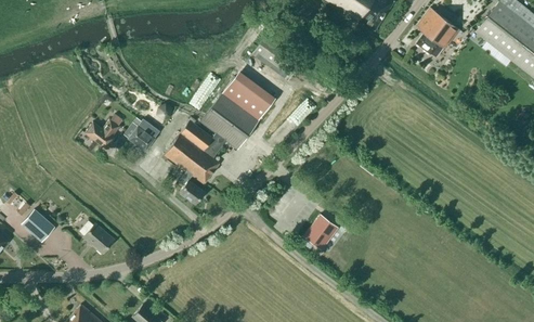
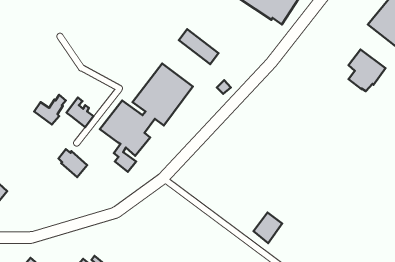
building: [415,9,458,57] -> [348,49,385,91]
building: [303,215,337,250] -> [253,213,282,243]
building: [79,221,113,254] -> [59,149,87,177]

